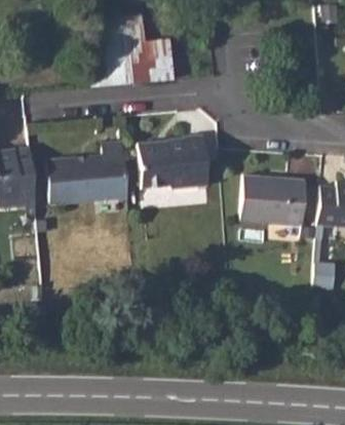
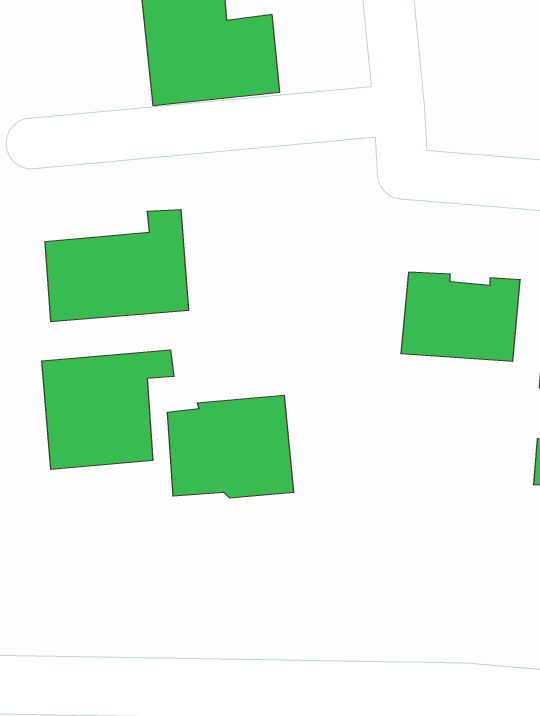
building: [141,134,209,190] -> [167,395,294,498]
building: none -> [42,350,174,469]

